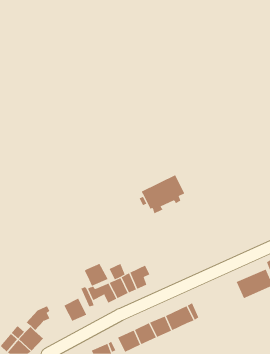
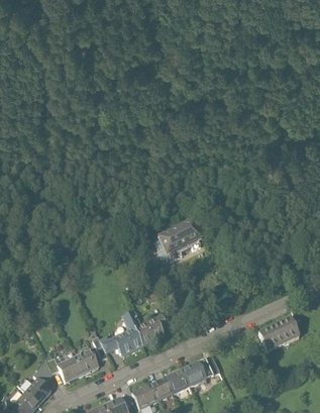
building: [84,263,108,287] -> [57,357,83,383]

